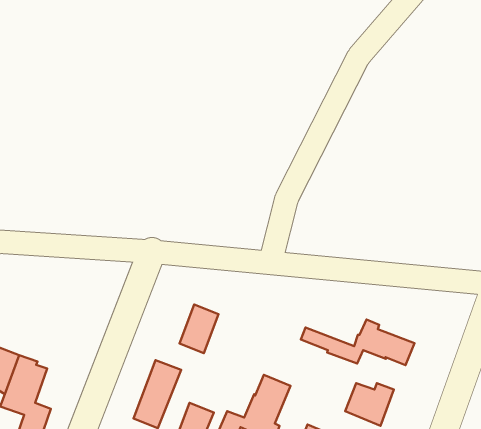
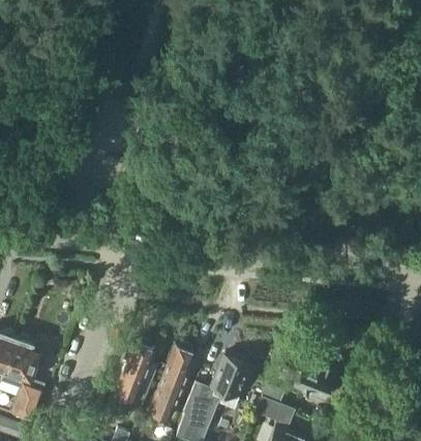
building: [180,304,218,353] -> [162,346,196,387]
building: [301,319,414,365] -> none

